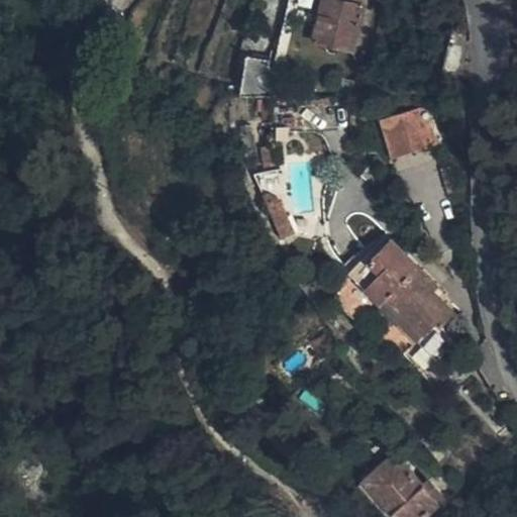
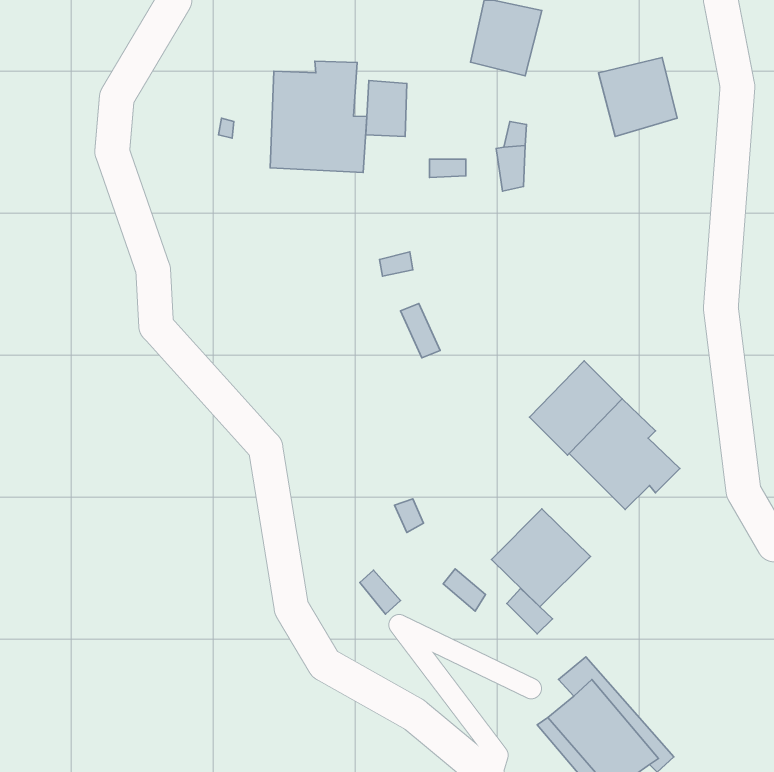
building: none -> [270,61,367,173]
building: [379,105,431,158] -> [598,58,677,136]
building: none -> [491,509,591,607]

